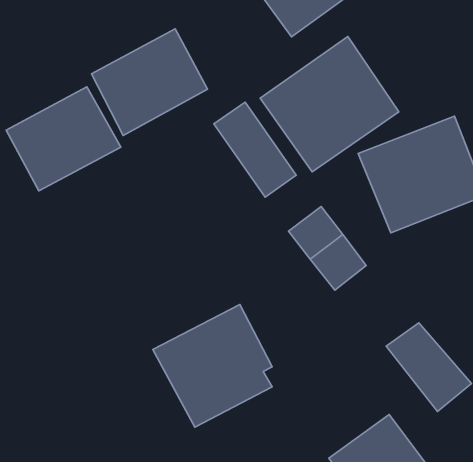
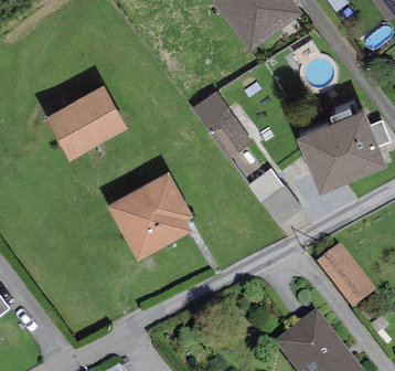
building: [91,29,208,136] -> none
building: [260,37,399,172] -> none
building: [153,305,272,427] -> [107,168,192,255]

